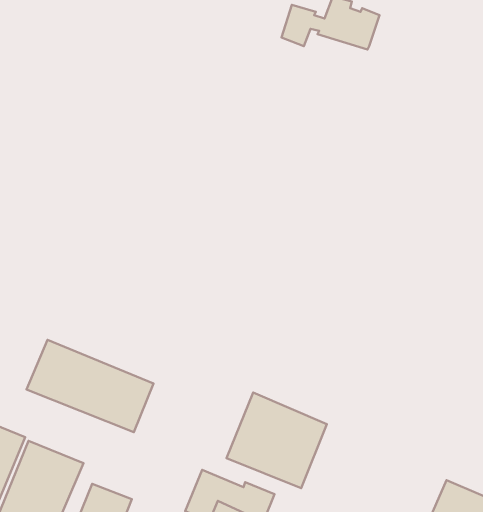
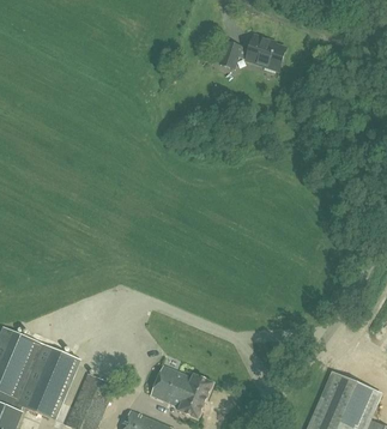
building: [27,340,153,432] -> none
building: [226,392,327,488] -> none

